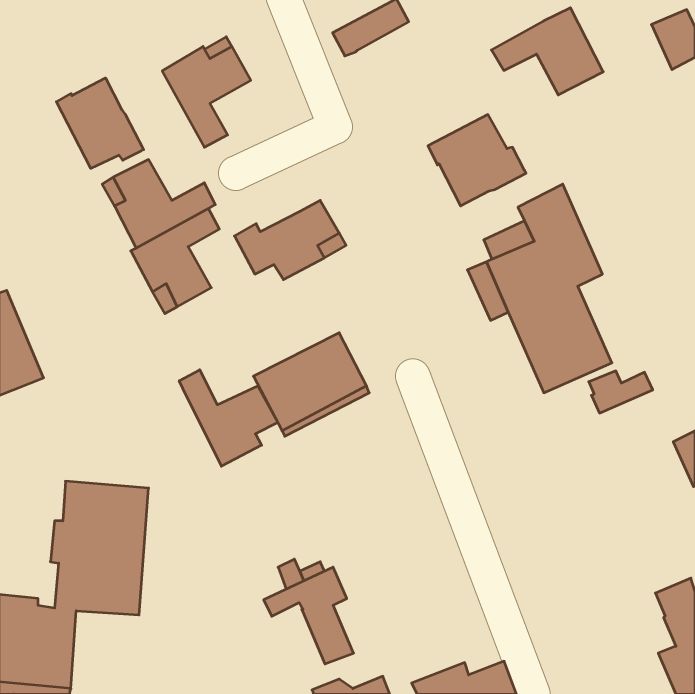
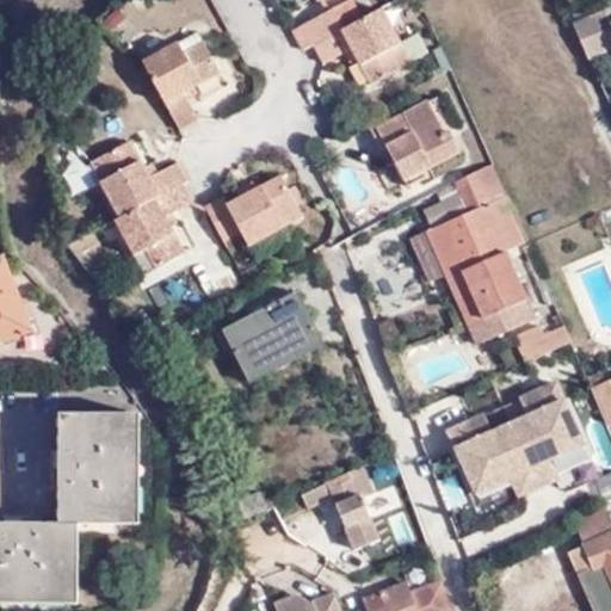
building: [491,8,603,95] -> [313,7,411,84]
building: [56,78,144,168] -> none
building: [179,370,278,466] -> none
building: none -> [446,382,584,498]
building: [264,567,354,664] -> [301,464,379,549]

